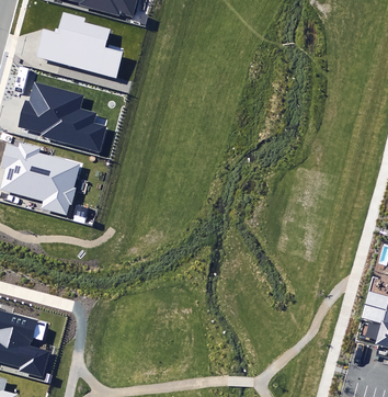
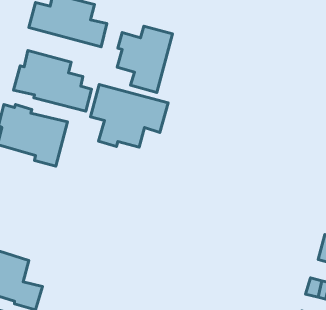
building: none -> [117,26,172,92]
building: none -> [91,85,168,147]

